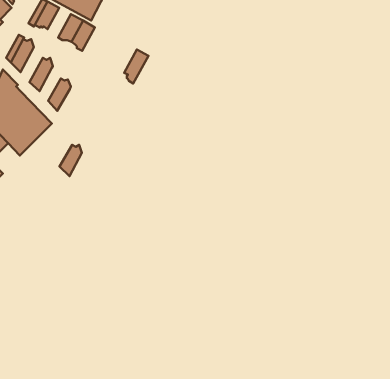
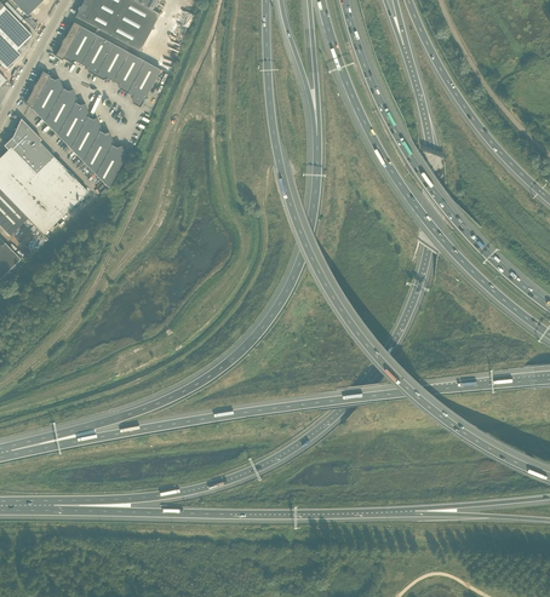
building: none -> [81,34,113,74]
building: none -> [45,87,76,134]
building: [124,49,148,83] -> [128,61,161,107]
building: none -> [70,115,101,160]
building: [60,145,82,176] -> [94,144,125,186]

